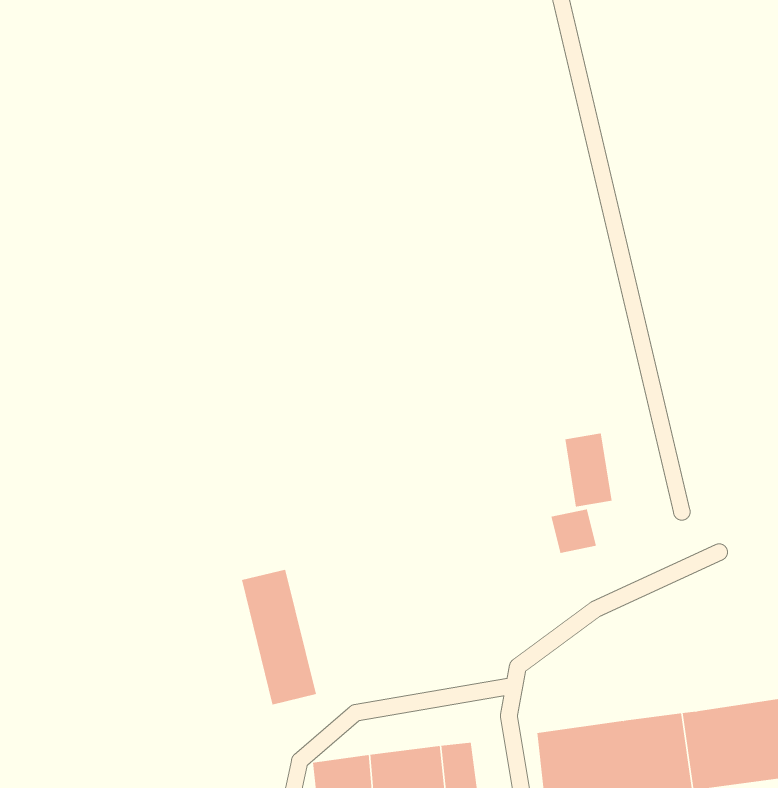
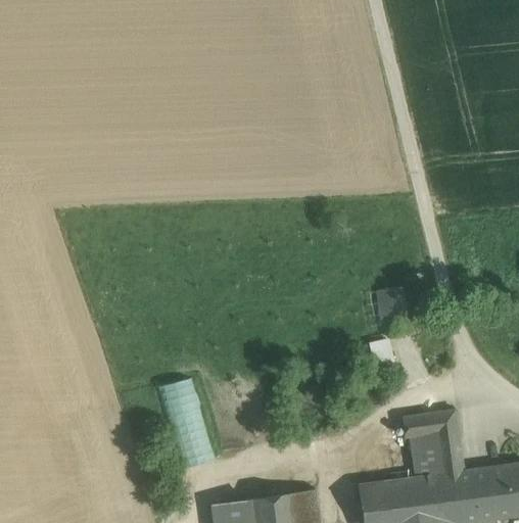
building: none -> [402,410,463,477]

